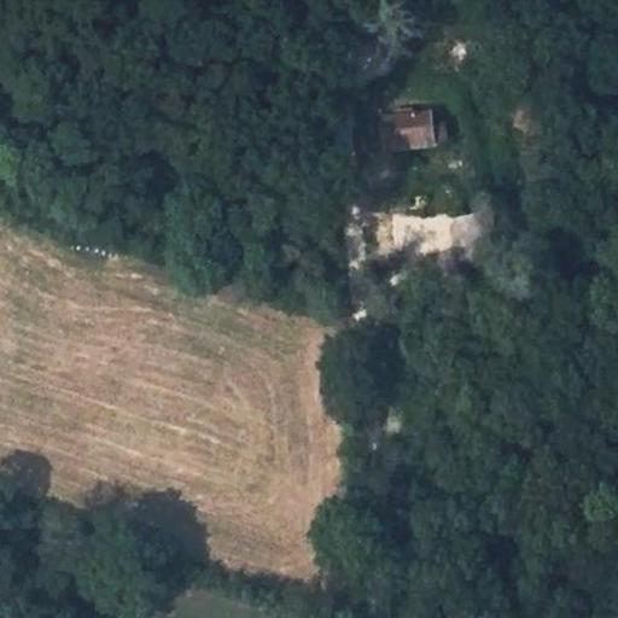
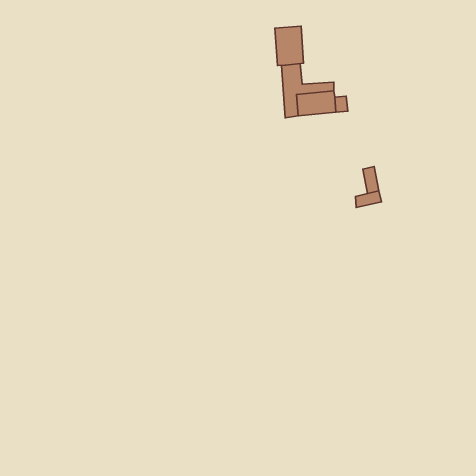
building: none -> [275,26,304,65]

